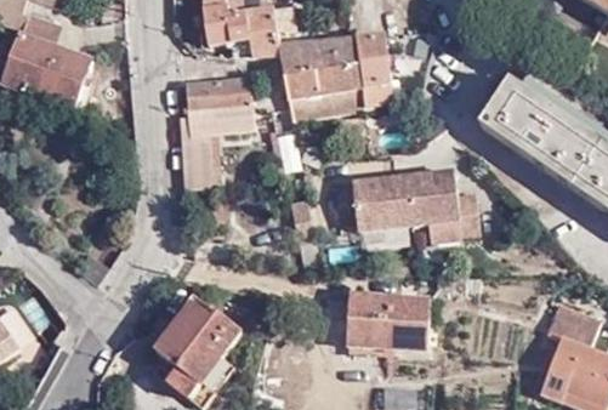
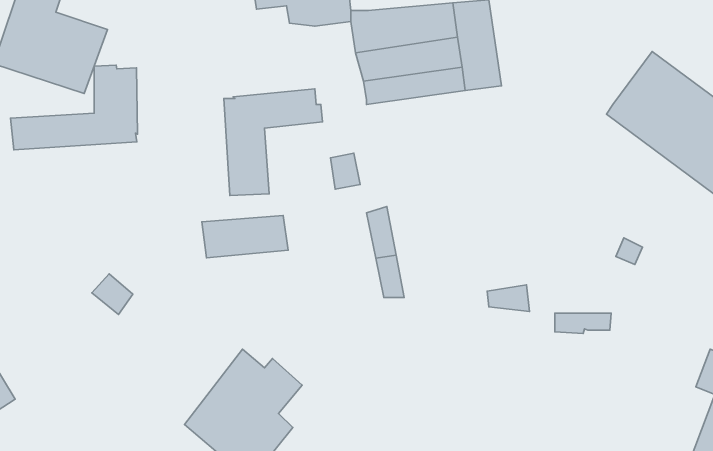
building: [184,75,251,108] -> [202,216,288,258]
building: none -> [11,65,138,150]
building: [334,169,481,234] -> none
building: [345,291,431,361] -> none

